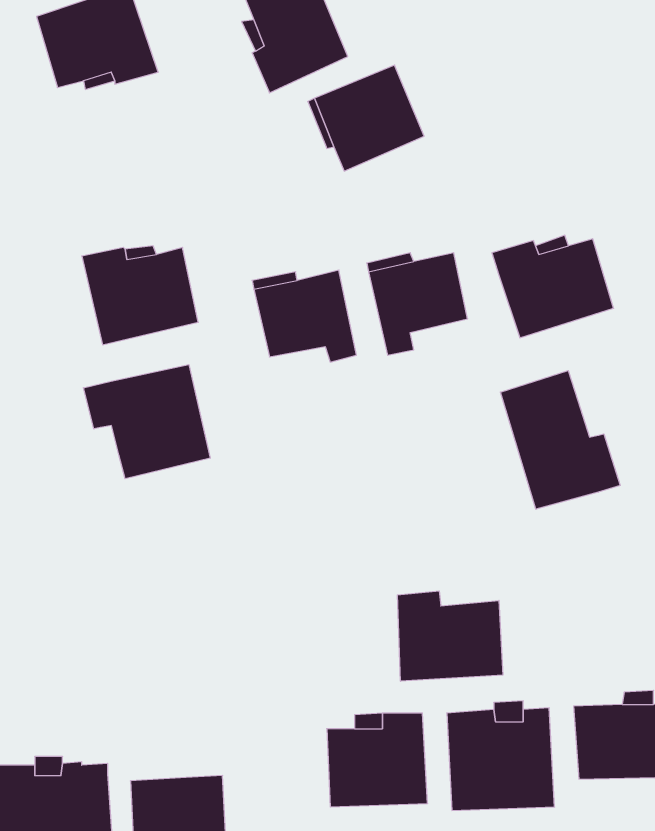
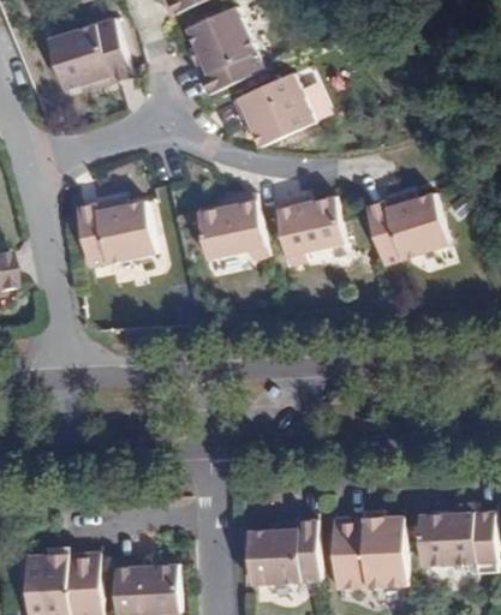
building: [83,365,210,479] -> none
building: [500,371,620,509] -> none
building: [397,591,503,681] -> none

